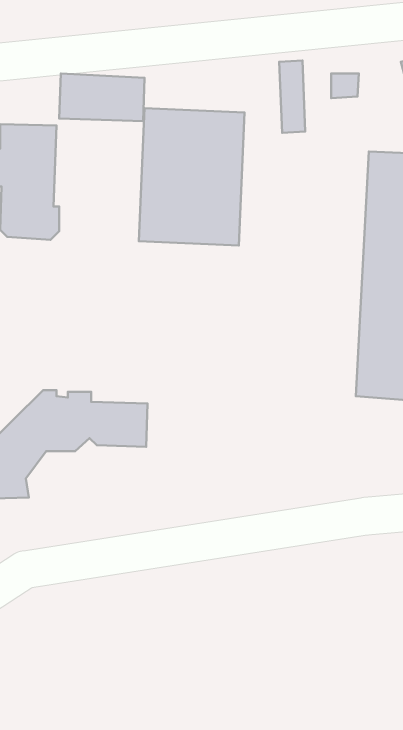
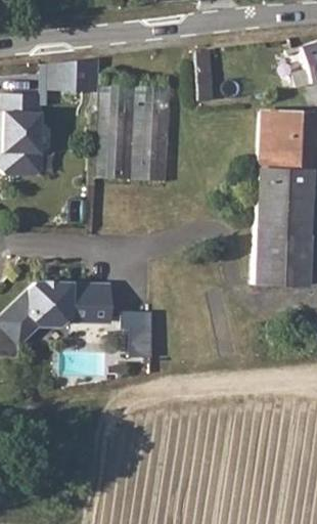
building: none -> [125,312,158,358]

